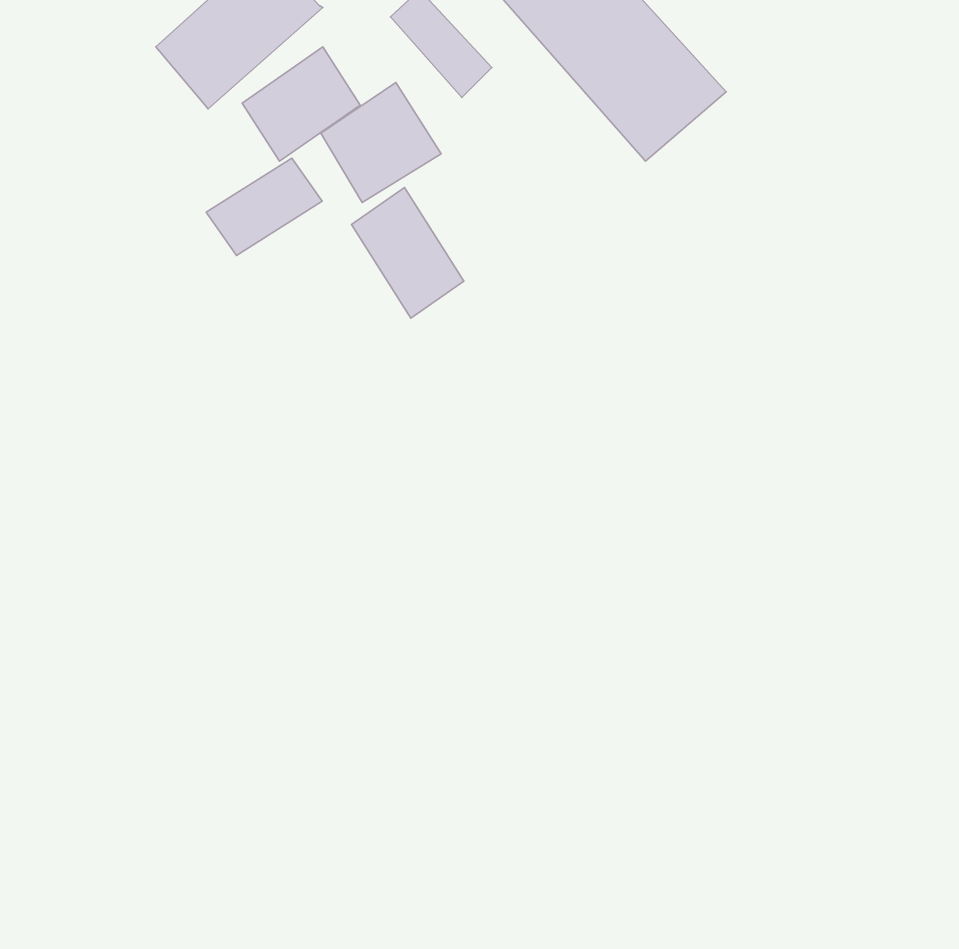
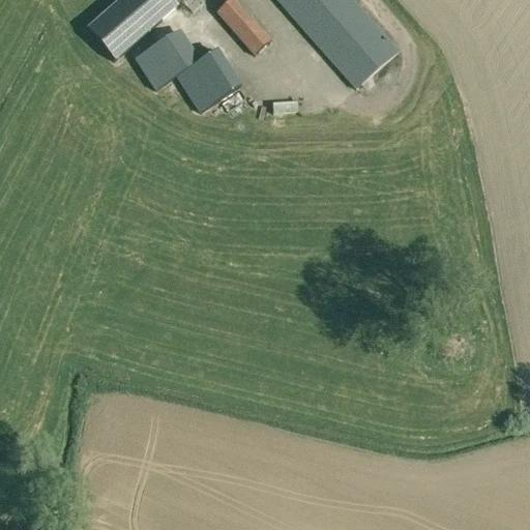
building: [206,158,322,255] -> none
building: [352,187,464,318] -> none

